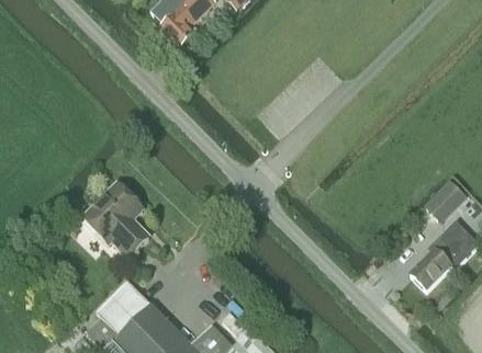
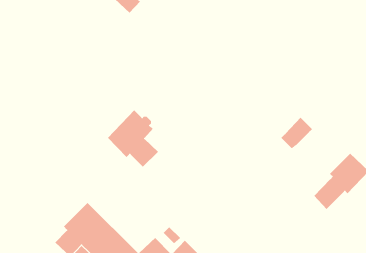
building: [425,181,466,221] -> [280,117,313,149]
building: [85,184,149,257] -> [107,110,159,168]

